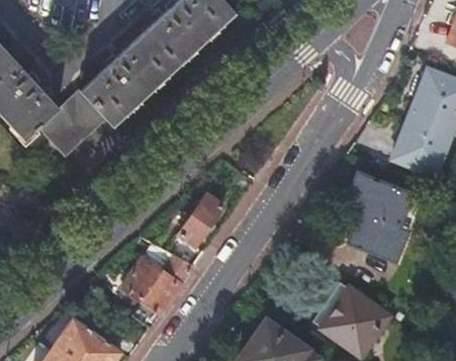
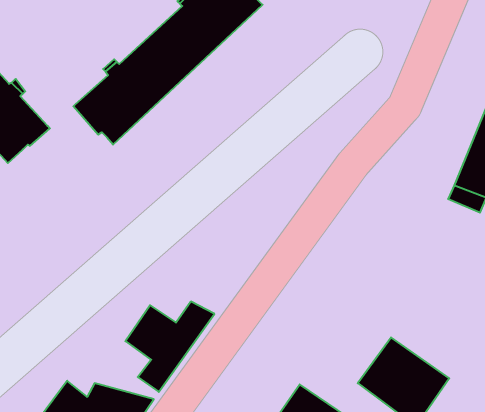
building: [39,90,108,158] -> none
building: [347,173,412,256] -> none
building: [169,191,225,263] -> none

